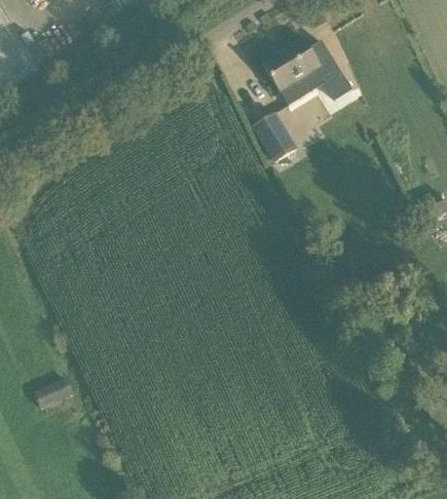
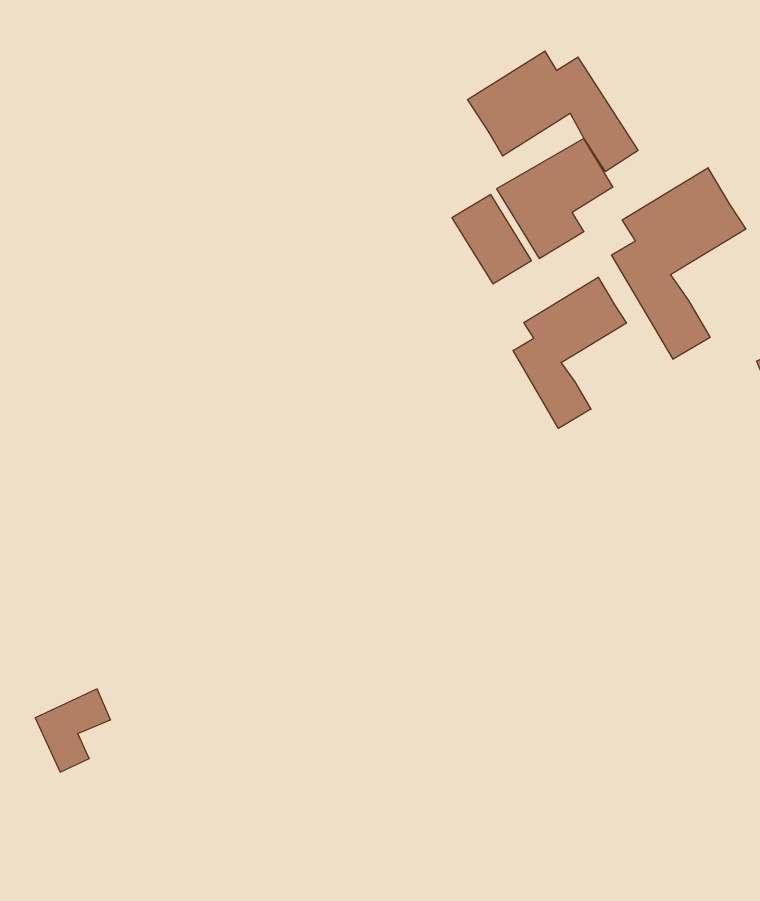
building: none -> [612,168,746,359]
building: none -> [513,277,626,428]

